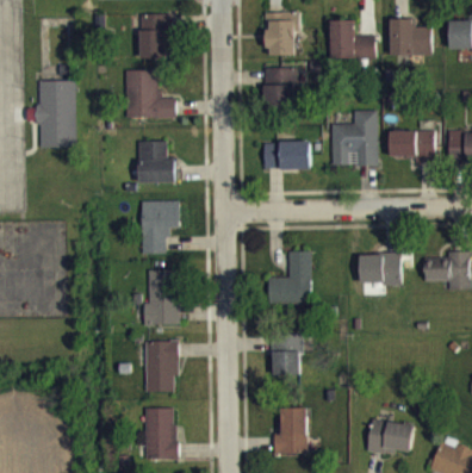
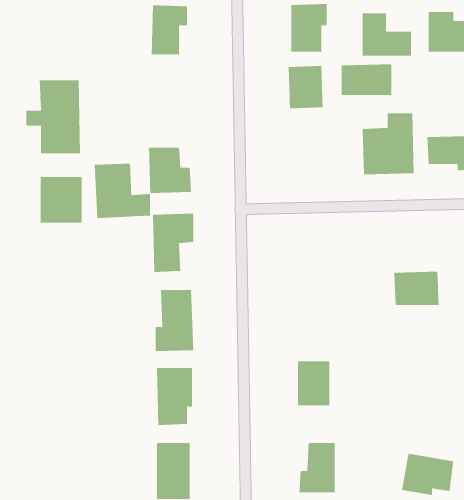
building: [124,69,175,119] -> [94,163,151,218]
building: [263,141,310,169] -> [341,64,392,95]
building: none -> [40,176,82,224]
building: [267,250,311,304] -> none

